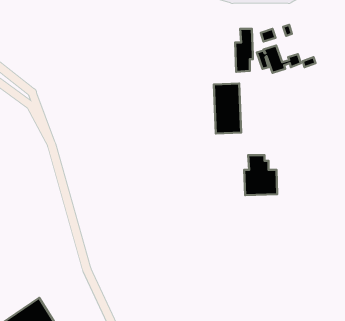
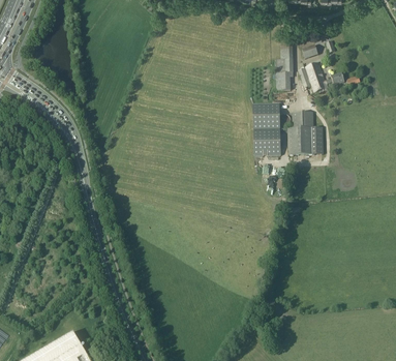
building: [244,155,277,195] -> [287,113,323,155]

